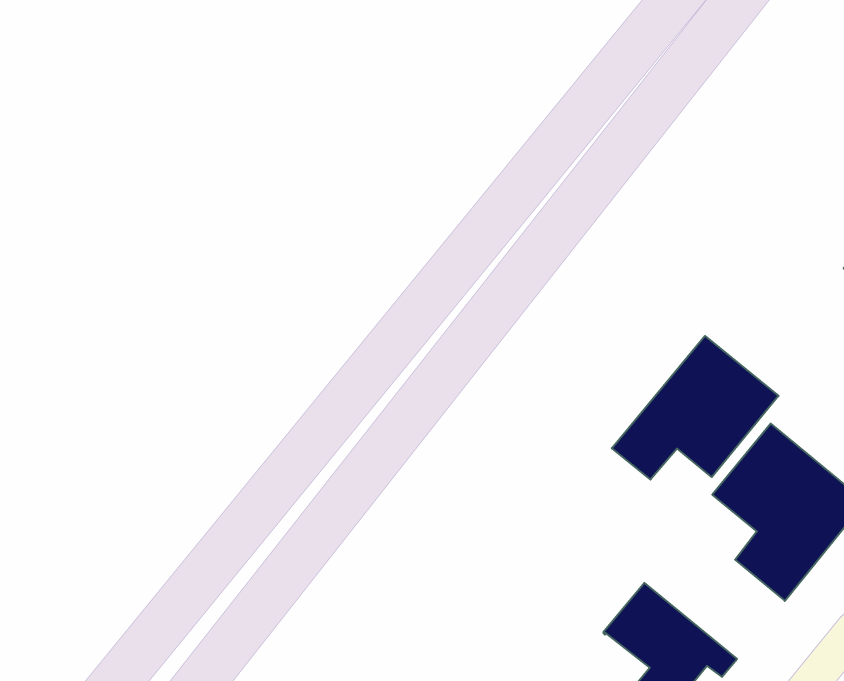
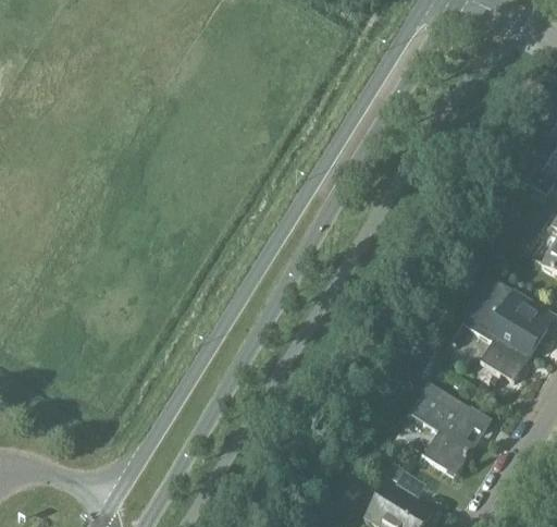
building: [612,336,779,480] -> none

